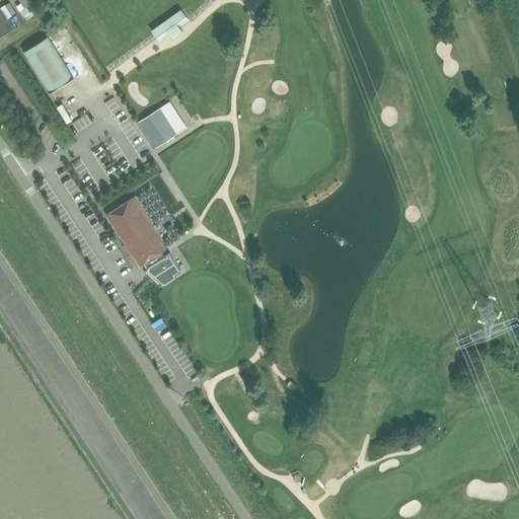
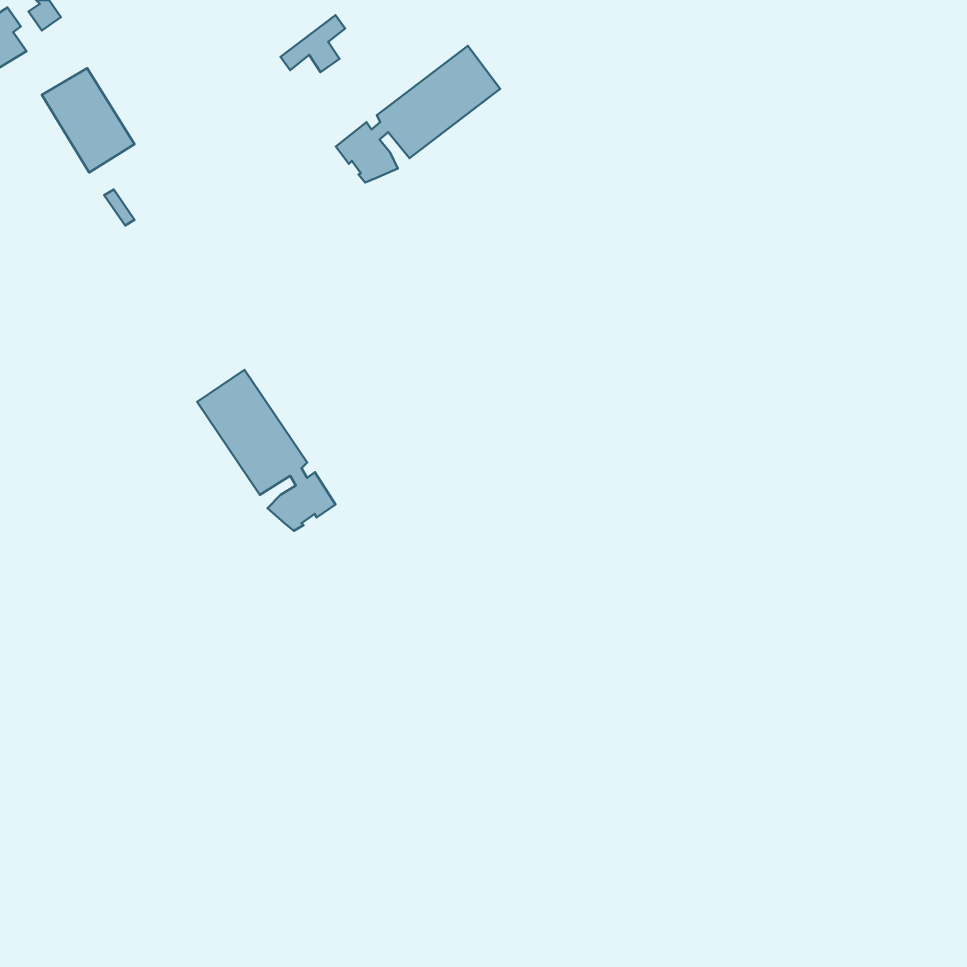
building: none -> [336,46,500,182]
building: [137,102,186,148] -> none

